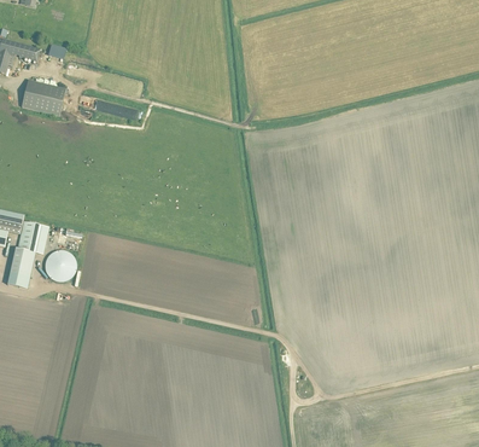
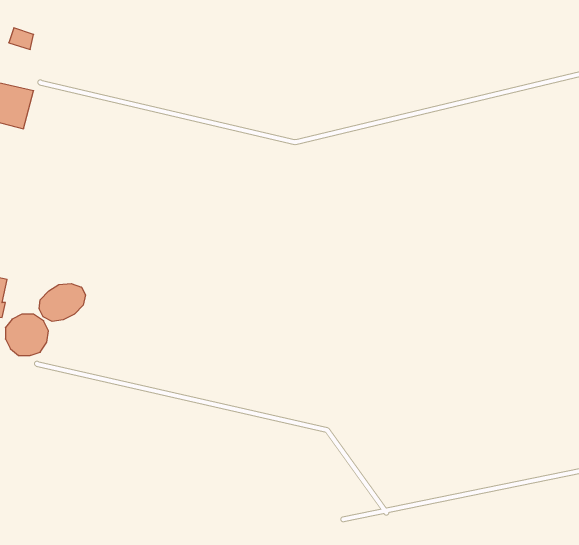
building: none -> [39,284,85,321]

